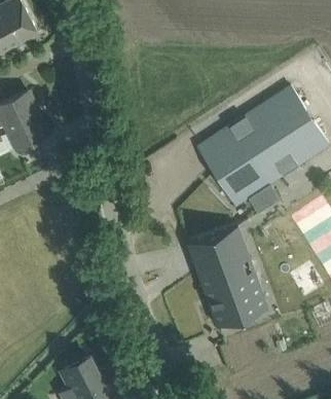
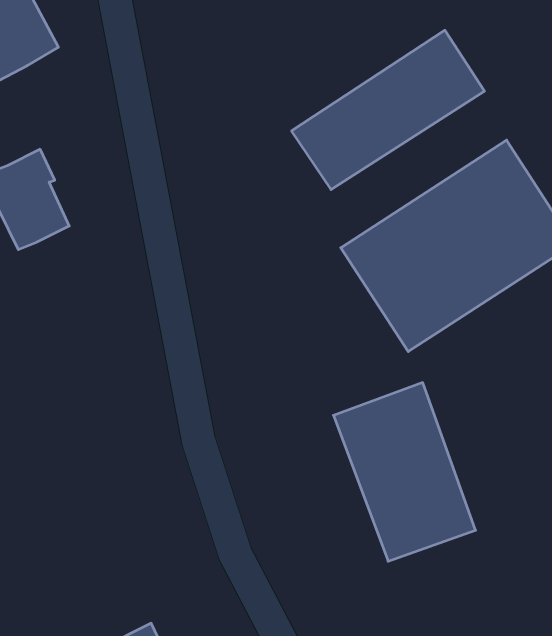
building: none -> [292,30,484,190]

